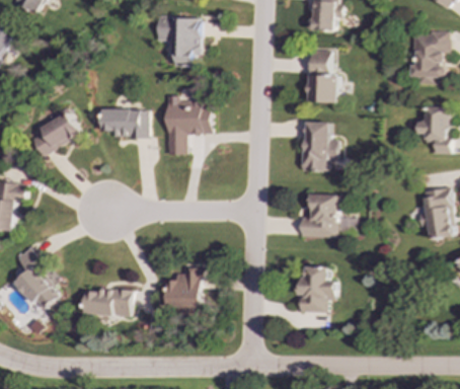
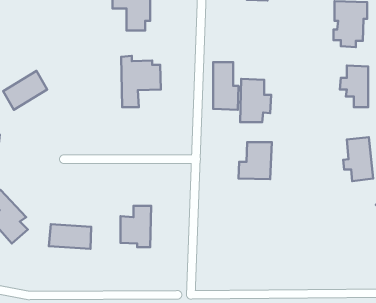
building: [308,48,337,102] -> [213,62,239,110]
building: [102,108,147,137] -> none
building: [299,264,335,312] -> none

